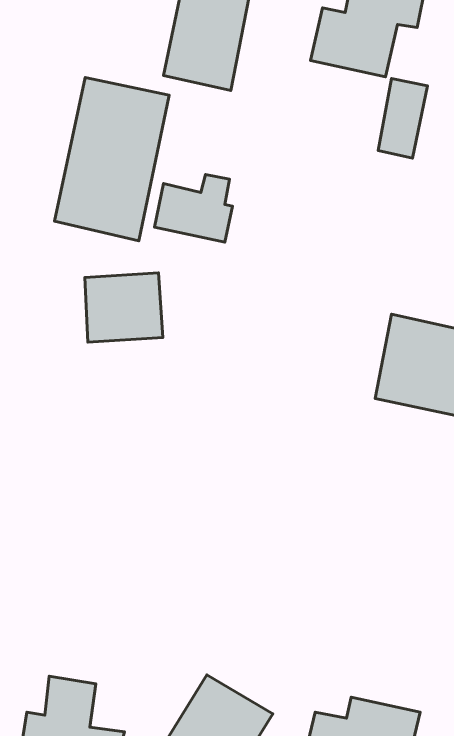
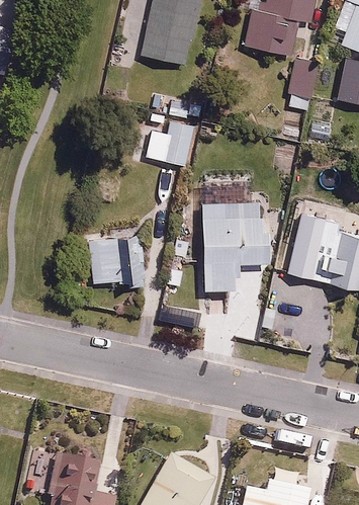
building: [54,78,169,241] -> none
building: [85,273,163,342] -> [89,237,142,283]
building: none -> [203,196,271,291]

